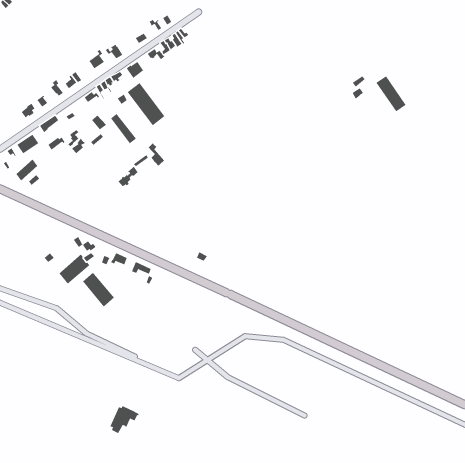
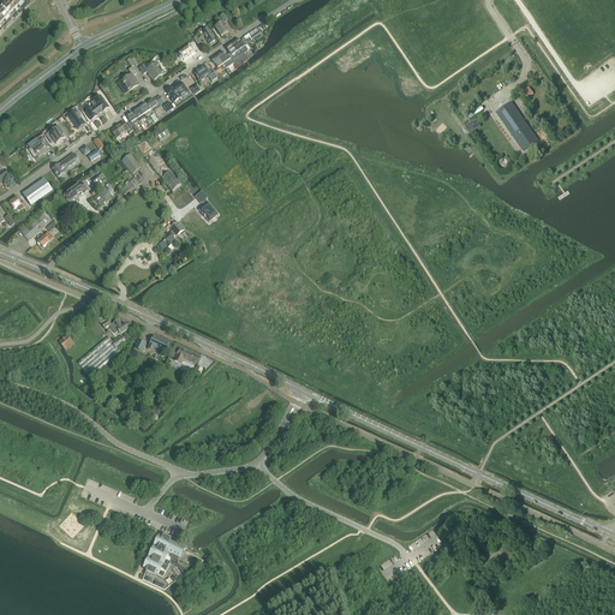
building: [127,82,165,126] -> none
building: [82,272,115,307] -> none

